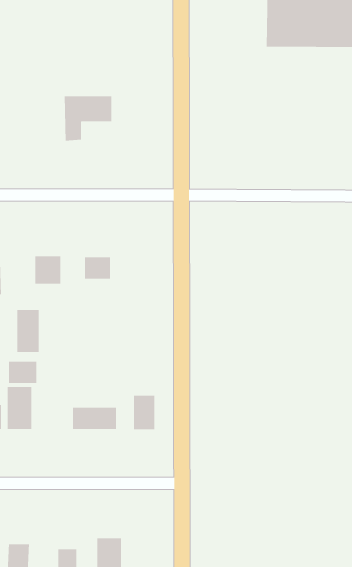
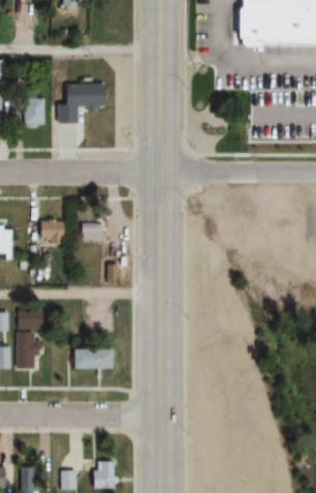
building: none -> [26,92,43,126]
building: [16,309,39,353] -> none
building: [133,395,155,430] -> none

